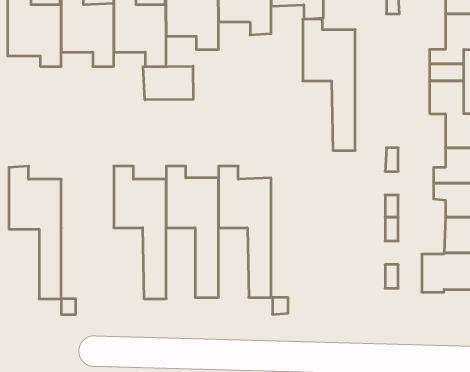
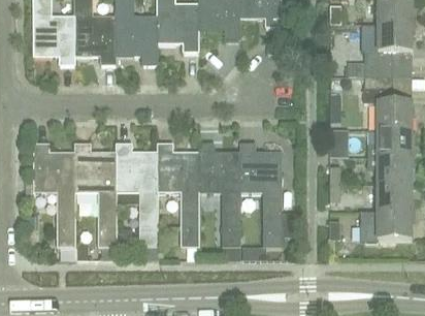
building: [303,19,355,150] -> [240,143,282,246]
building: [143,66,193,100] -> none
building: none -> [75,143,117,259]

